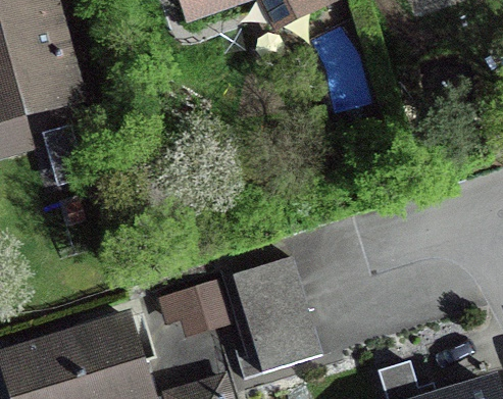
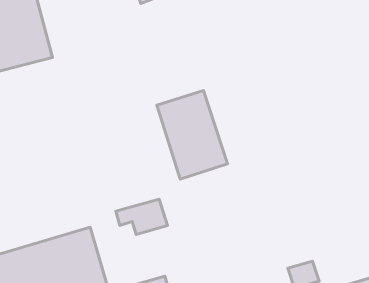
building: [229,258,318,370] -> [157,91,228,179]

